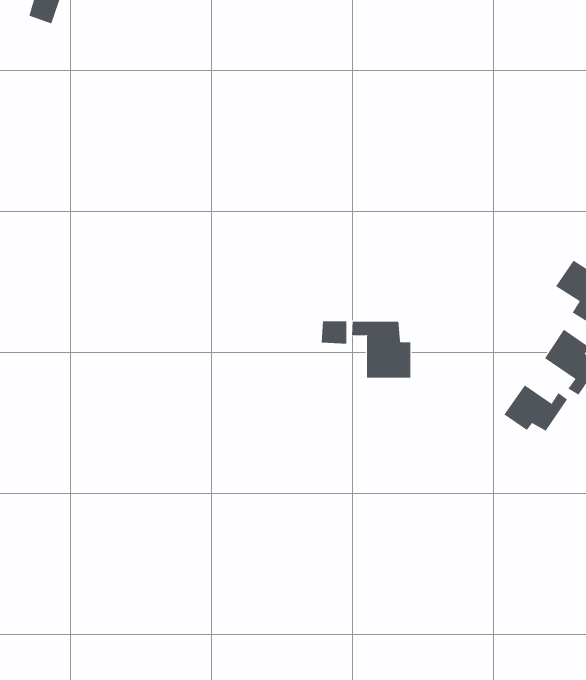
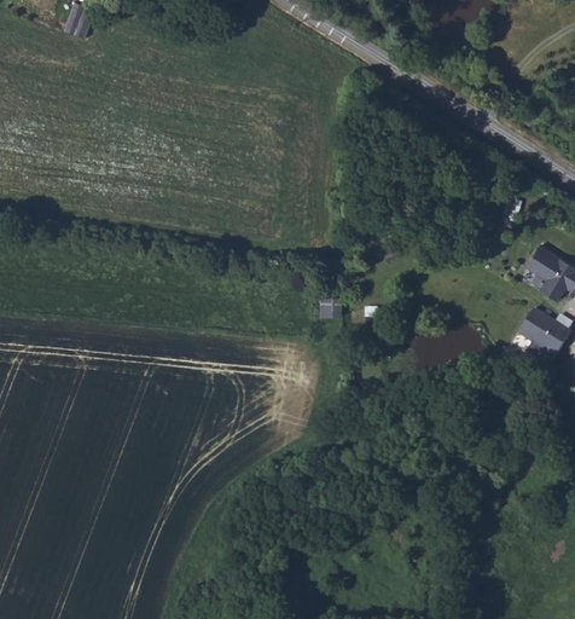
building: [352,321,411,379] -> none
building: [504,385,568,432] -> none

